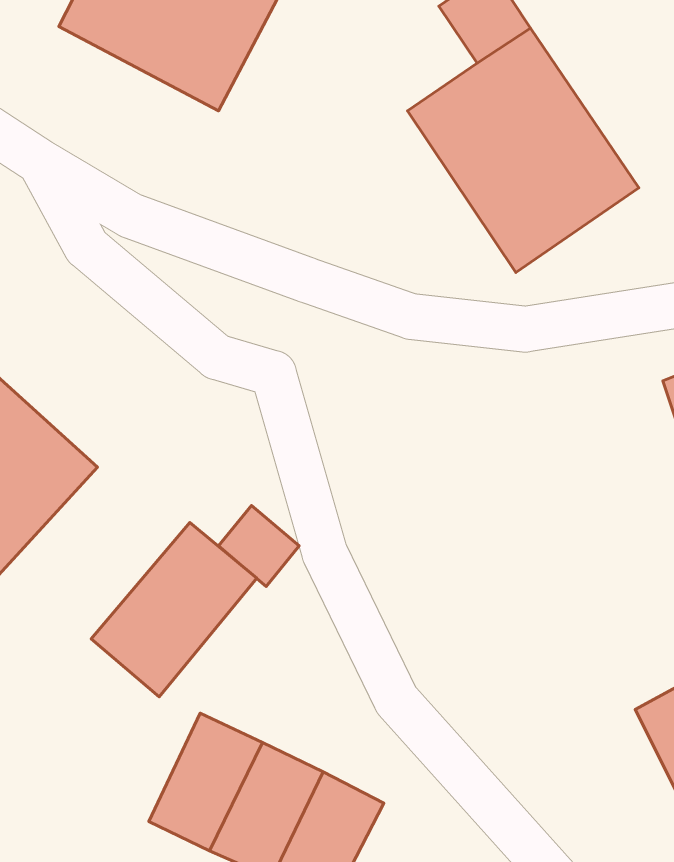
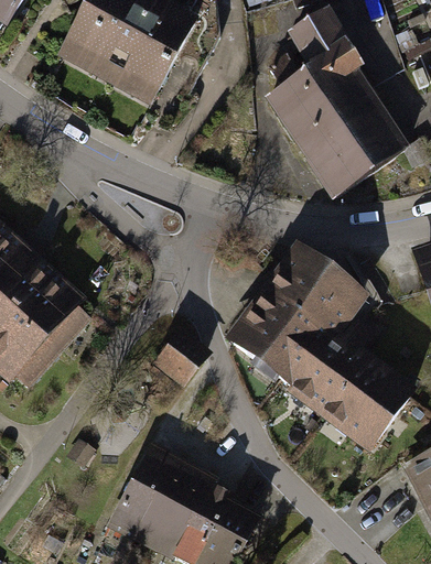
building: none -> [228,249,411,447]
building: [91,523,257,697] -> none

